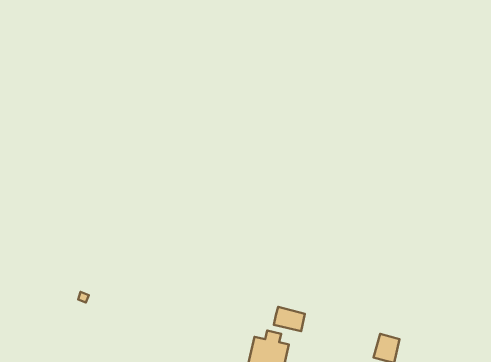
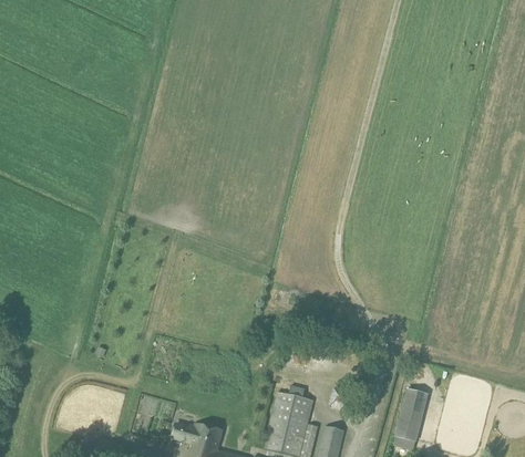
building: [274,307,305,331] -> none

